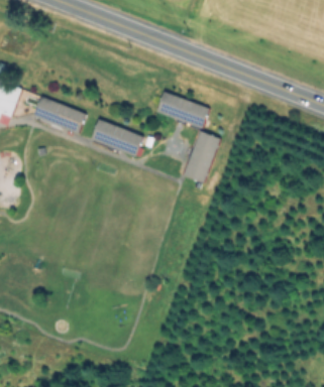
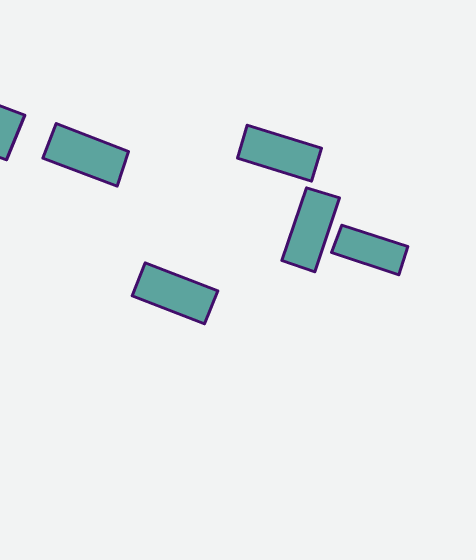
building: [93,116,145,153] -> [132,263,218,324]
building: none -> [332,225,408,275]

